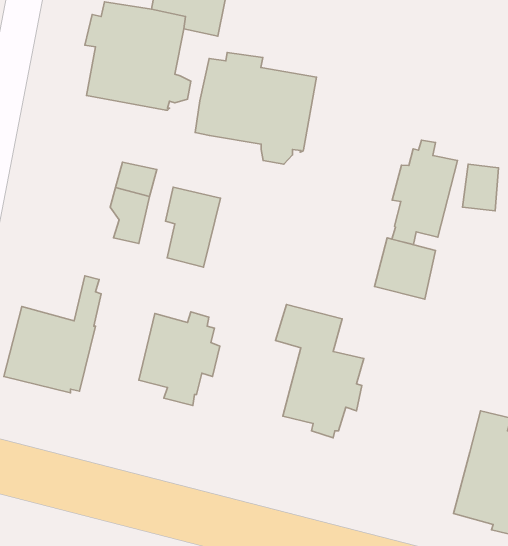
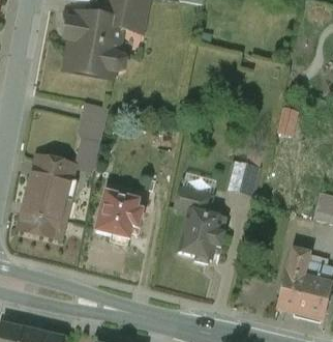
building: [195,53,317,164] -> none
building: [392,140,458,245] -> none
building: [166,187,221,267] -> none
building: none -> [28,155,66,196]

